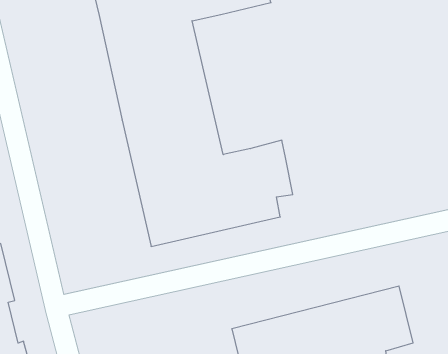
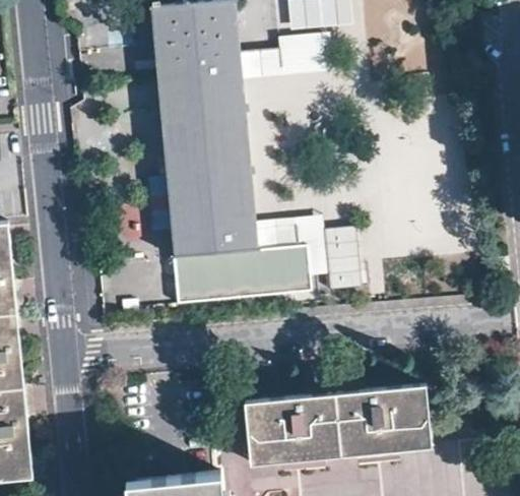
building: none -> [325,232,360,295]

